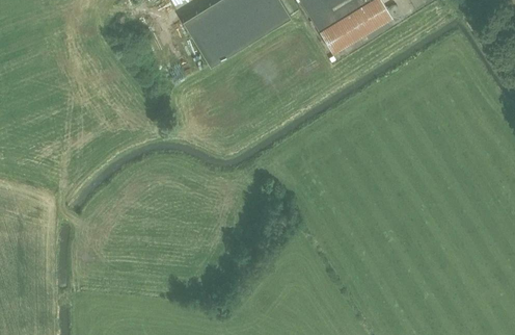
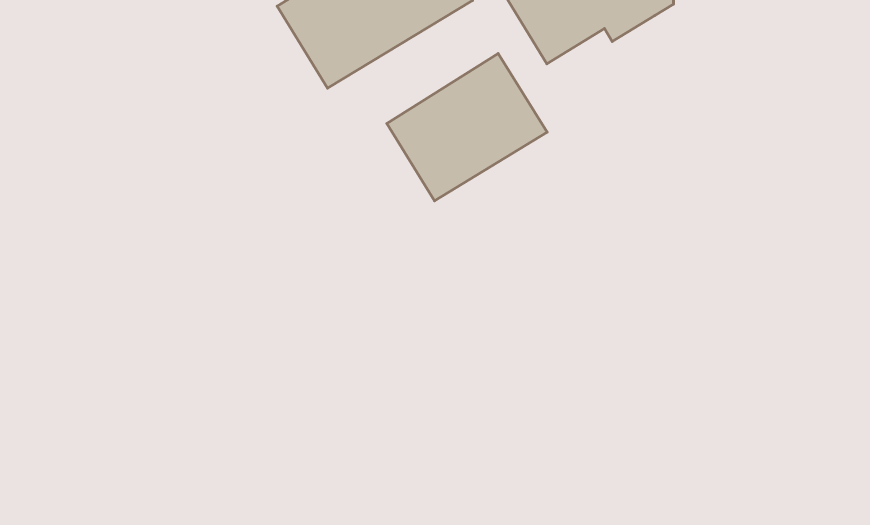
building: none -> [387,54,547,201]

